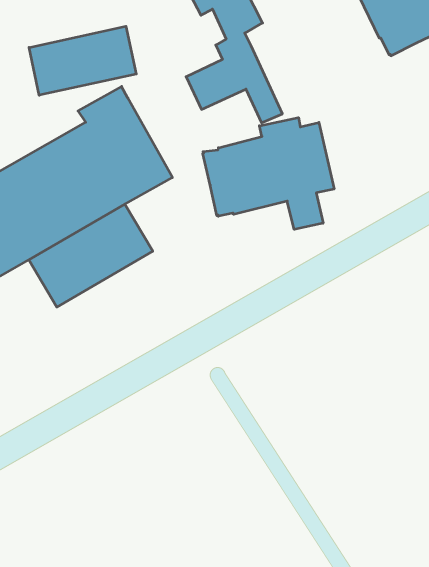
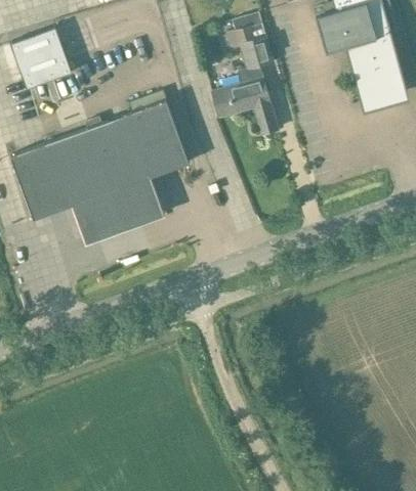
building: [29,26,136,95] -> none
building: [203,118,334,229] -> none

